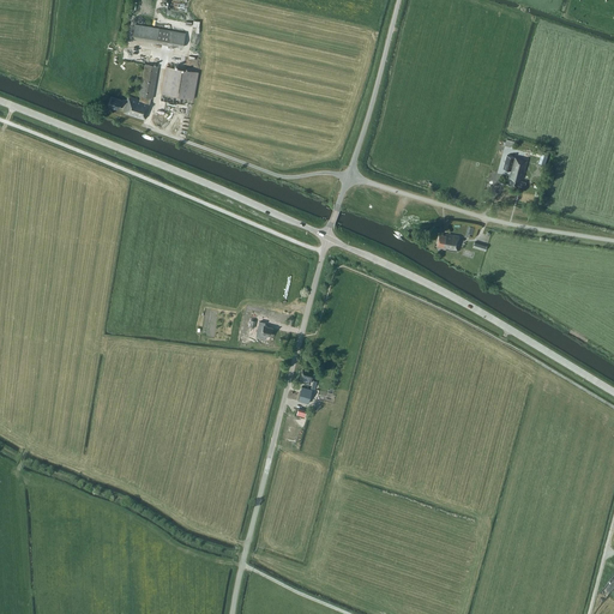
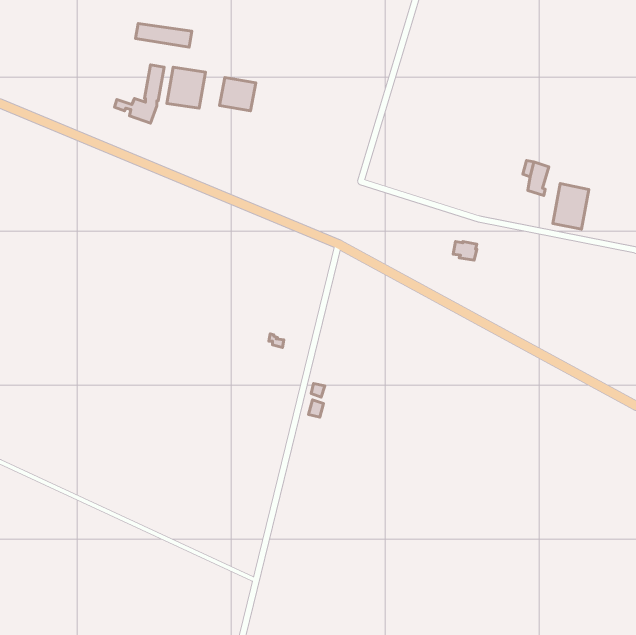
building: none -> [219,77,256,111]
building: none -> [553,183,589,229]

